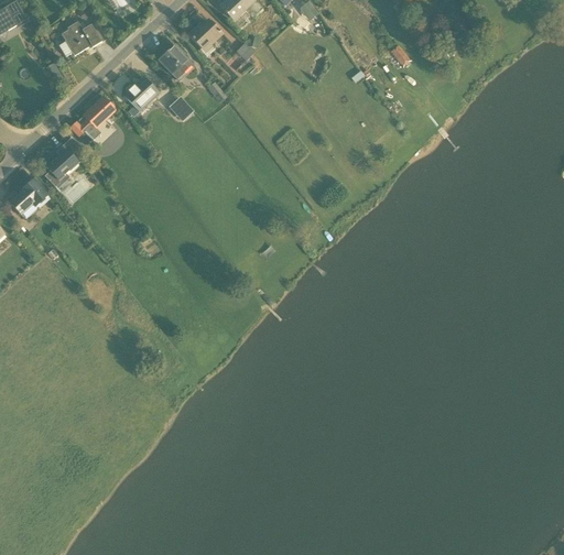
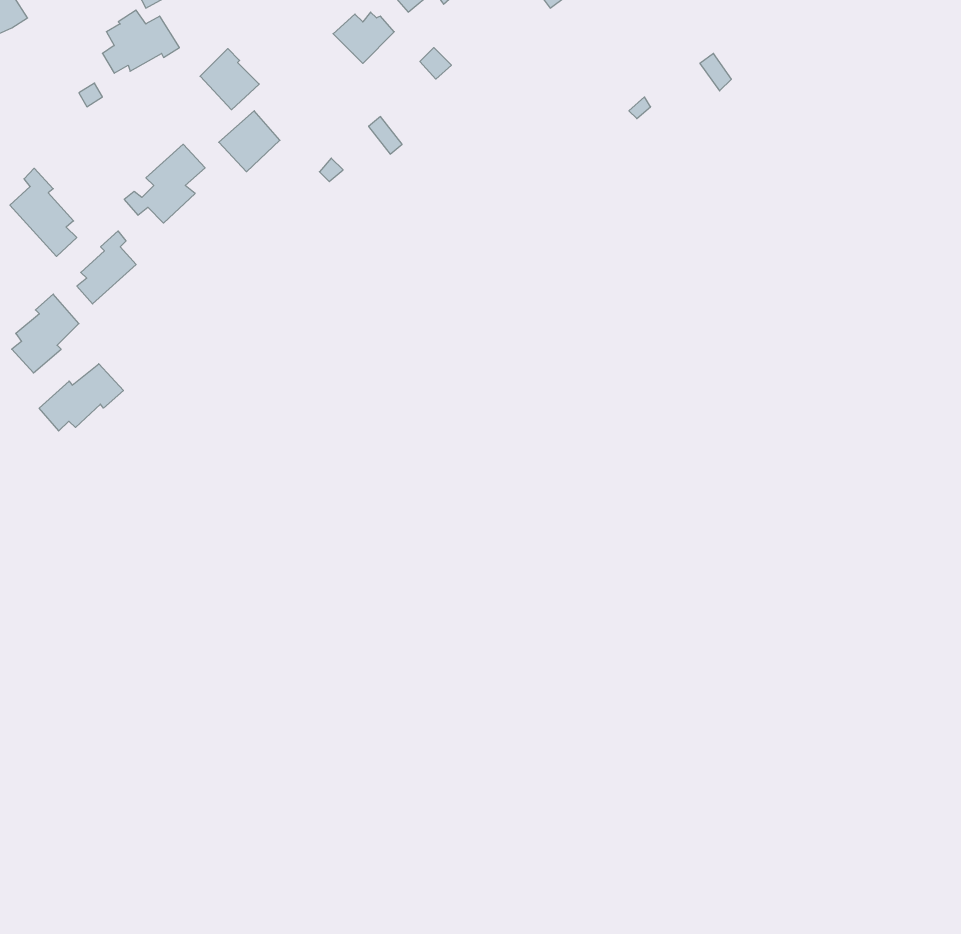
building: [159,43,192,77] -> [200,49,259,110]
building: none -> [10,168,77,256]
building: none -> [39,364,123,431]

